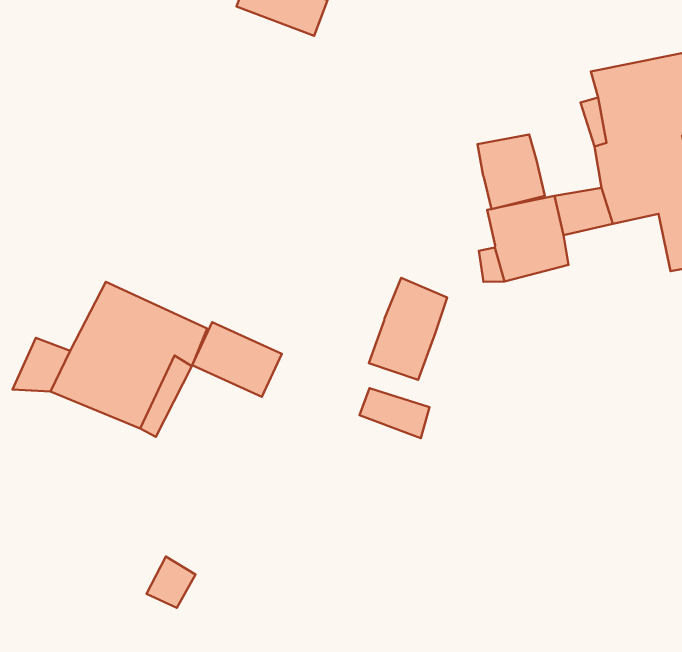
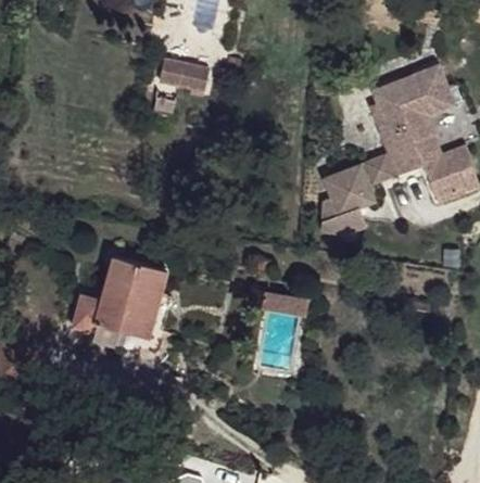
building: [478,134,545,209] -> none
building: [369,278,447,380] -> none
building: [192,322,282,397] -> none

